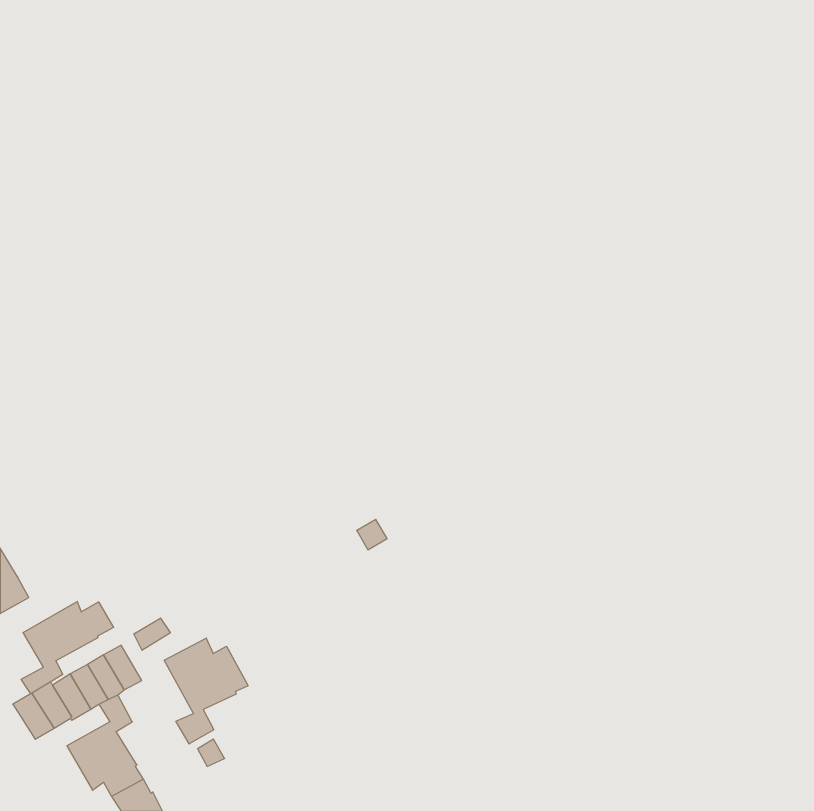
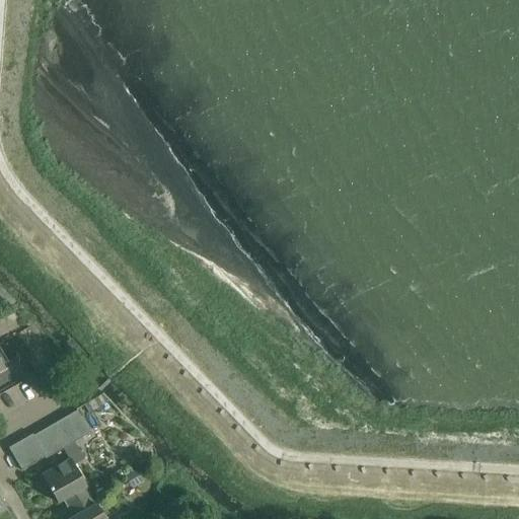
building: [21,601,114,694] -> none
building: [164,638,248,744] -> none

